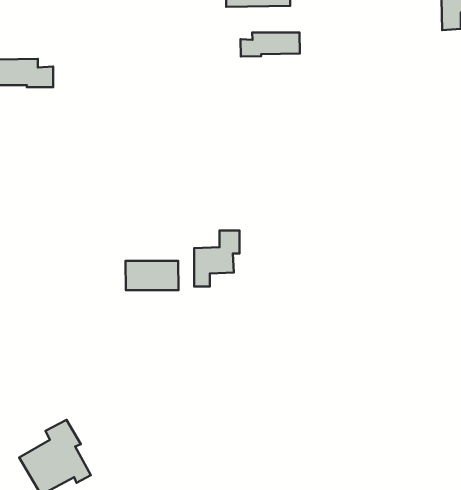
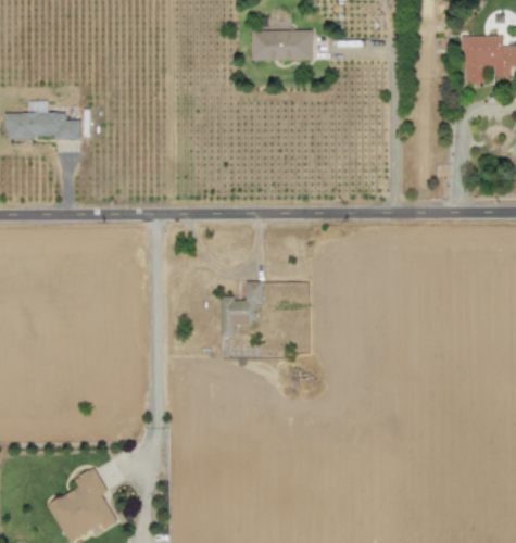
building: [240,32,300,56] -> none
building: [126,261,179,290] -> none

